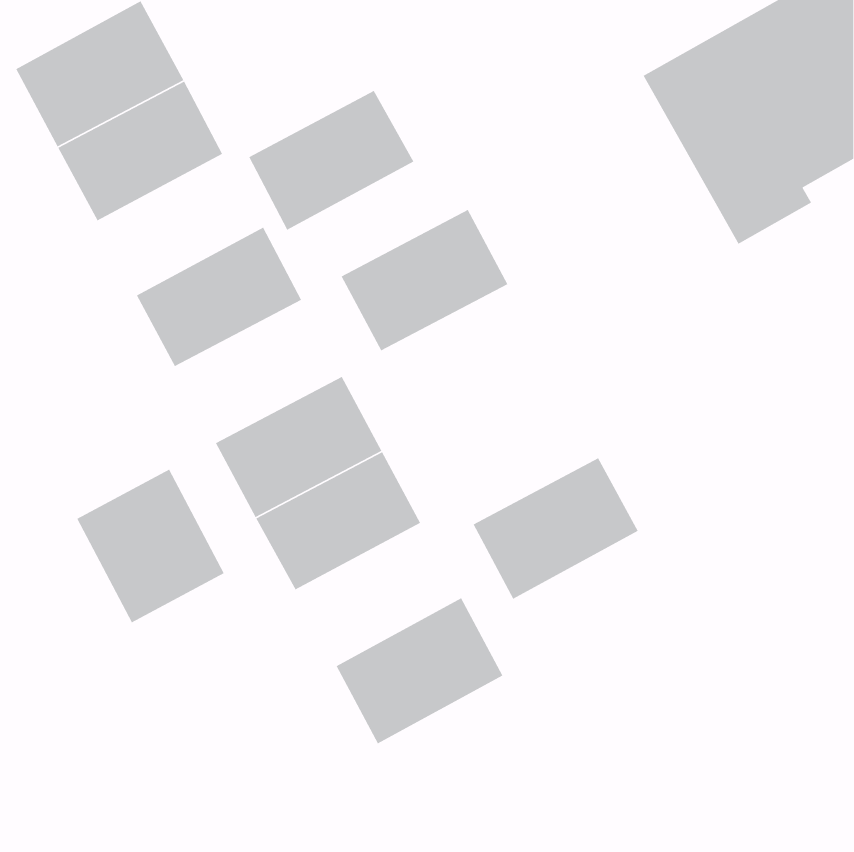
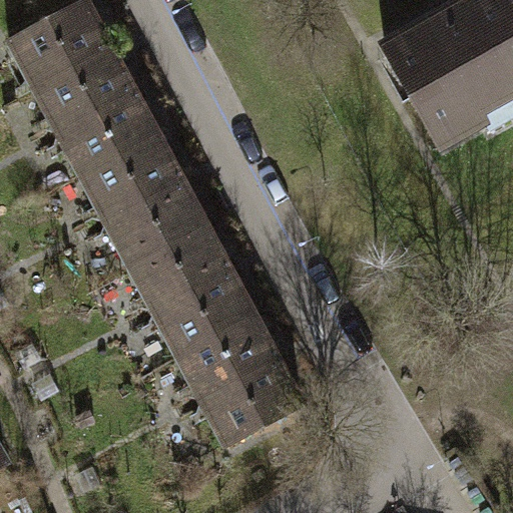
building: [248,90,414,231] -> [58,92,157,176]
building: [341,209,508,352] -> [104,179,204,265]
building: [473,457,639,600] -> [176,313,276,398]
building: [76,469,225,624] -> none

